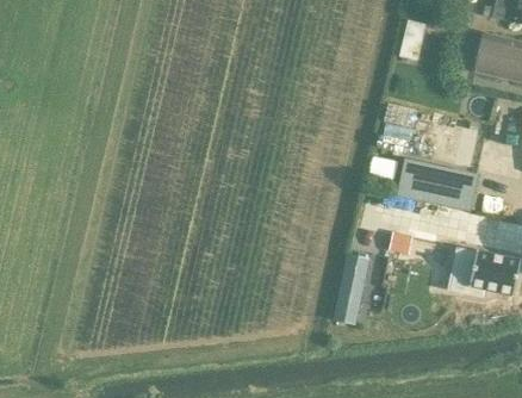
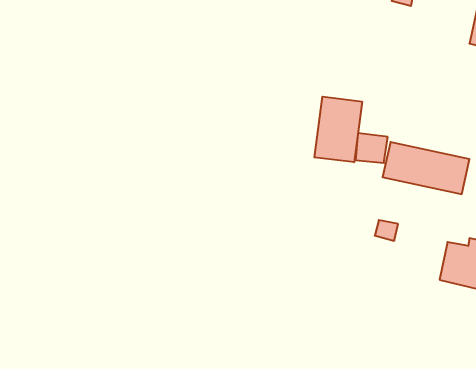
building: none -> [314,97,362,162]
building: [334,251,368,322] -> none

